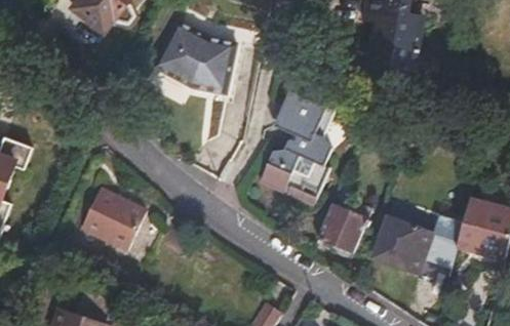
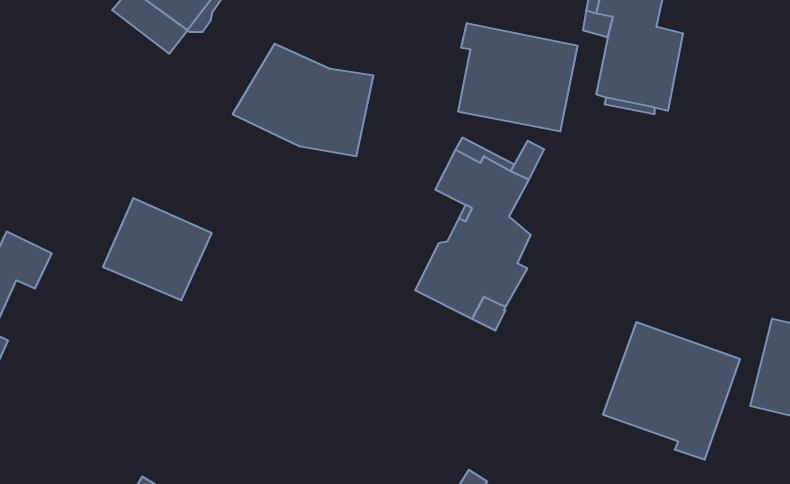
building: none -> [458,23,577,132]
building: [85,188,152,250] -> [103,198,212,300]
building: [312,201,359,249] -> none

